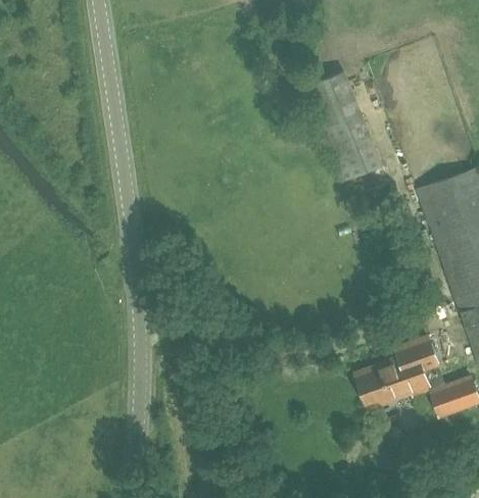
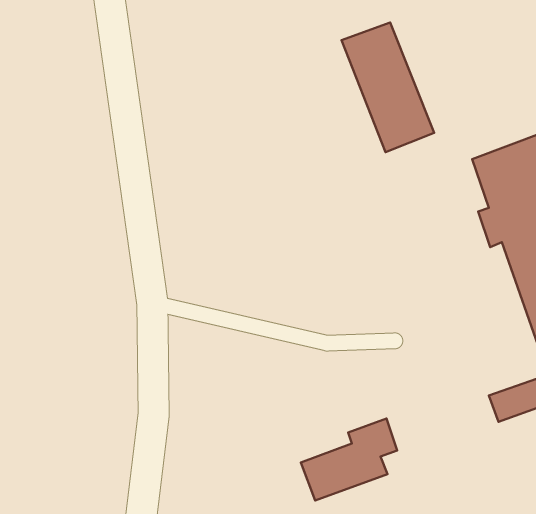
building: [356,338,439,408] -> [301,418,397,500]

